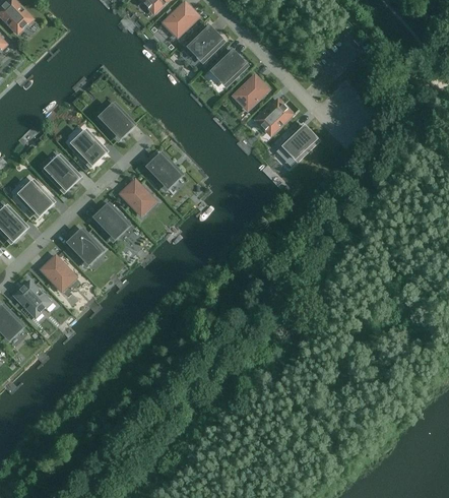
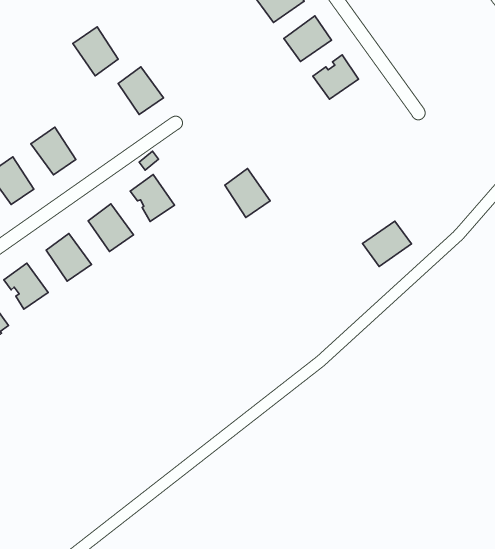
building: [258,100,292,133] -> none
building: [283,125,318,159] -> [362,221,412,266]
building: [72,131,106,166] -> [73,27,118,76]
building: [147,153,181,188] -> [225,168,270,217]

